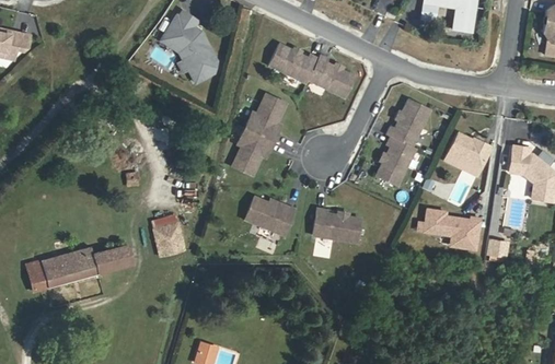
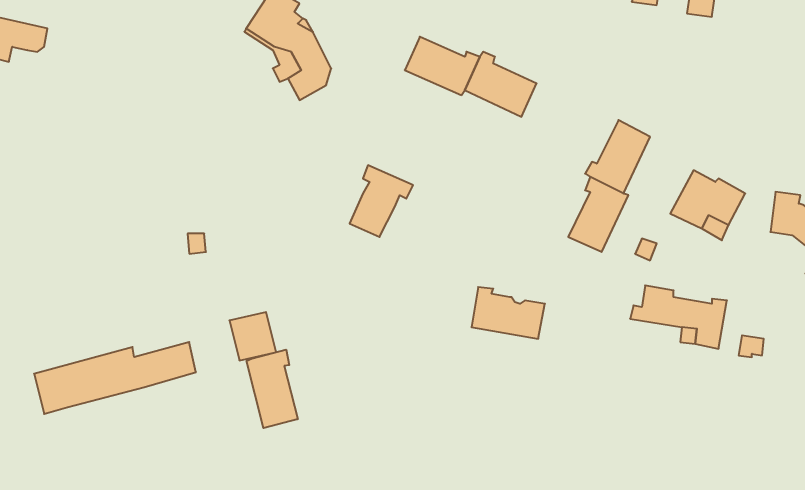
building: [244,94,285,141] -> none
building: [245,196,294,233] -> none
building: none -> [247,350,298,428]

